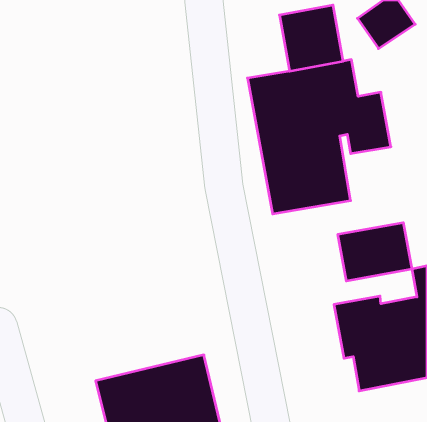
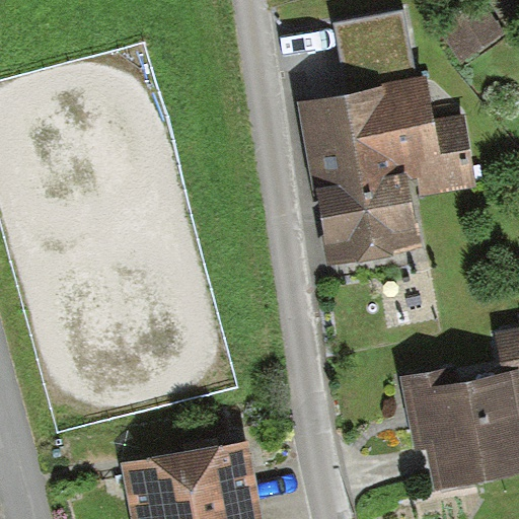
building: [338,223,412,281] -> none

